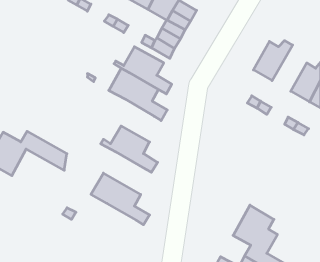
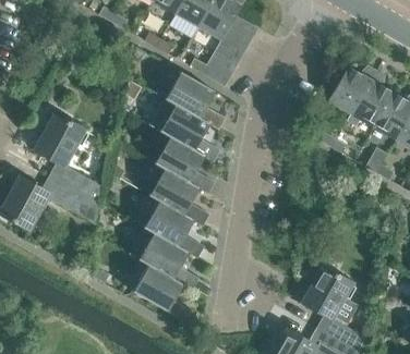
building: none -> [350,70,393,126]
building: none -> [35,113,100,203]
building: none -> [144,136,215,194]
building: none -> [134,200,204,257]
building: none -> [123,264,193,321]

